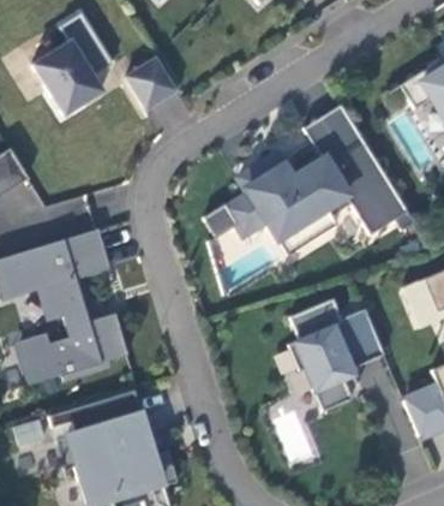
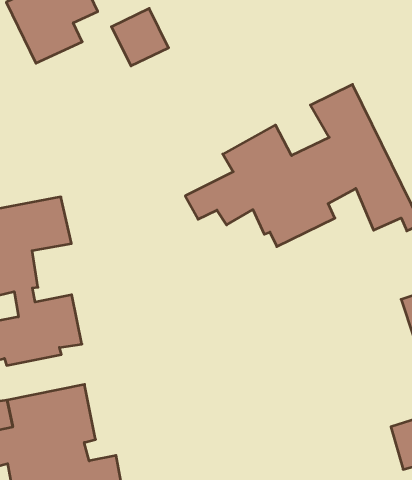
building: [288,298,384,411] -> none

